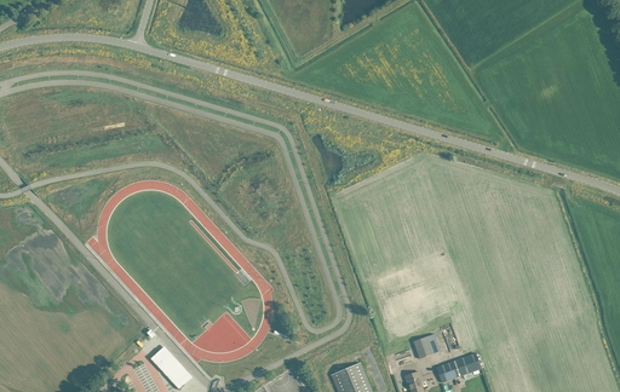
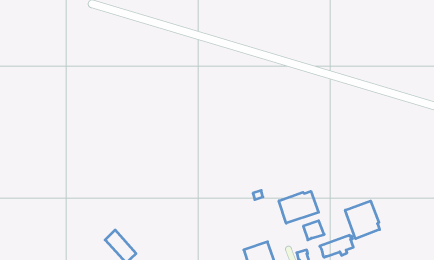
building: none -> [279,191,319,223]
building: none -> [345,201,380,239]

